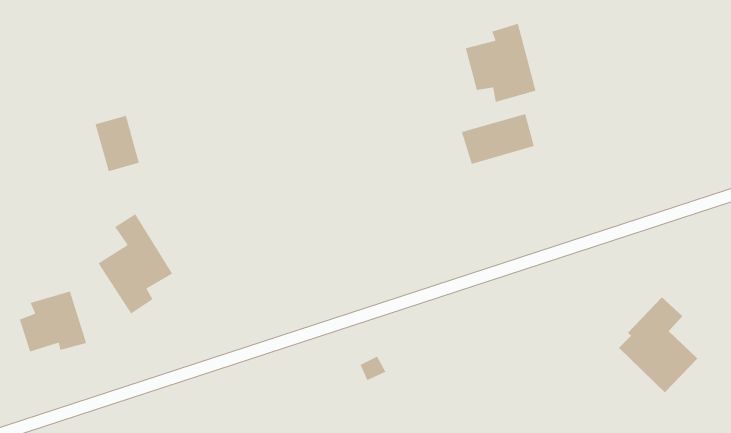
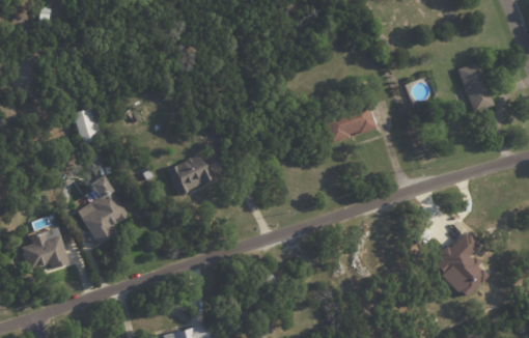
building: [465,23,536,103] -> none
building: none -> [456,62,493,112]
building: none -> [167,156,214,195]

